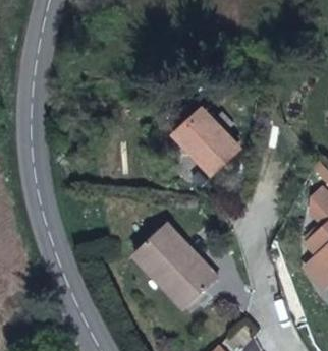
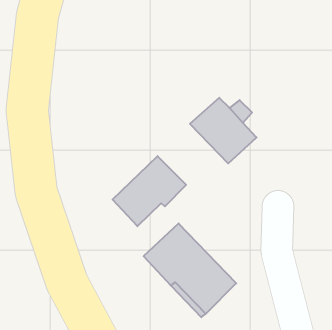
building: none -> [113,156,186,226]

